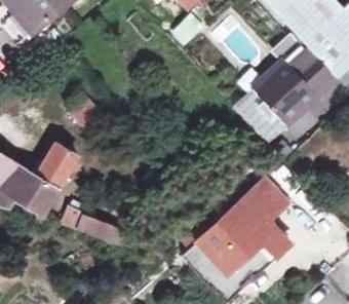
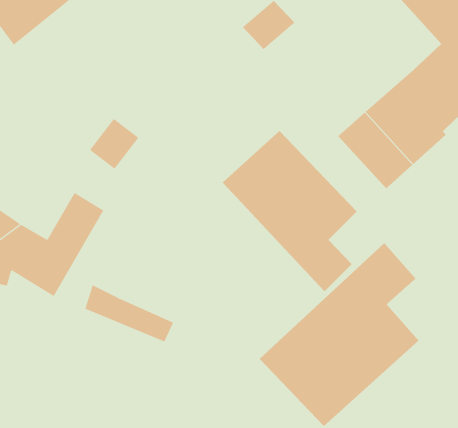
building: none -> [222,130,357,292]

